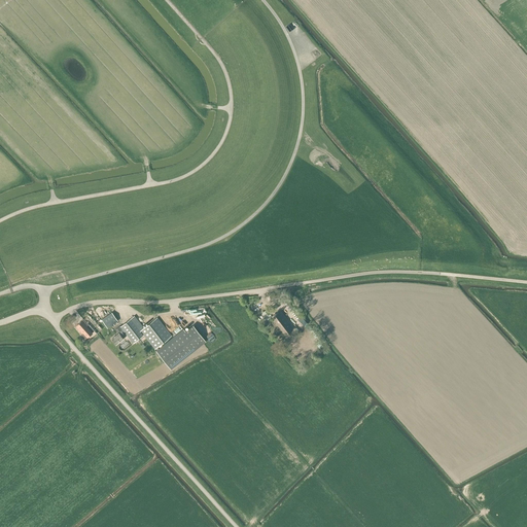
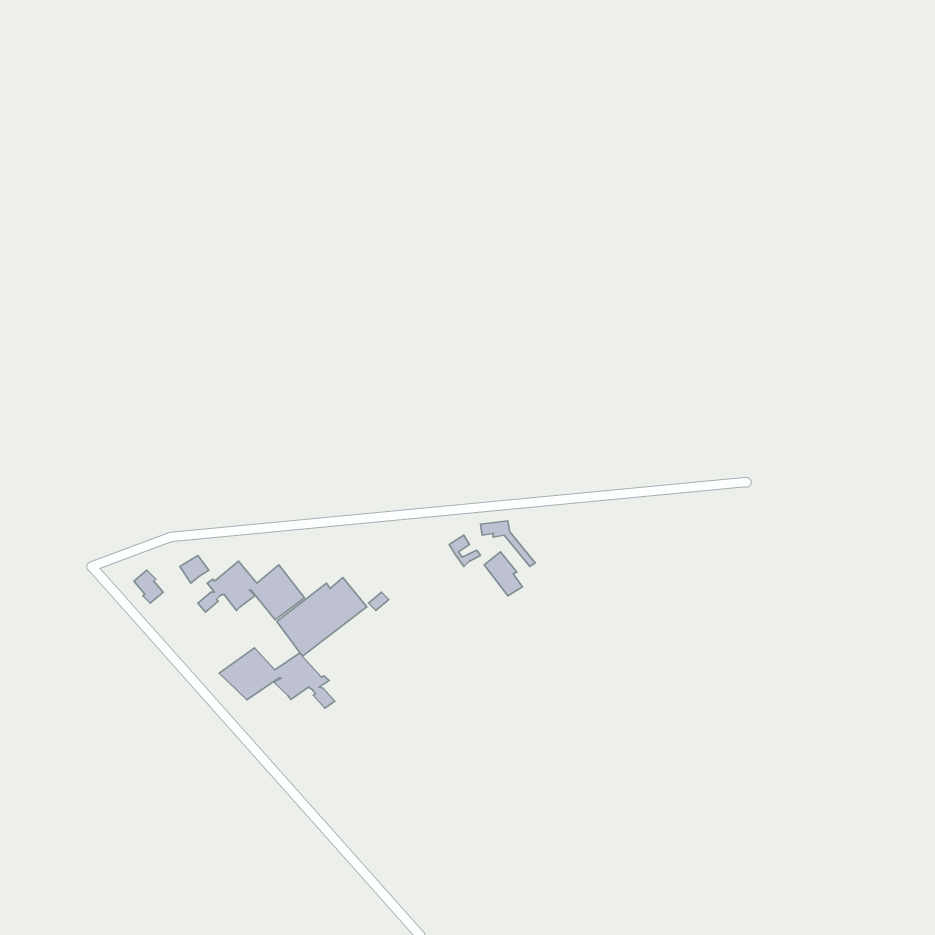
building: none -> [219,648,335,708]

